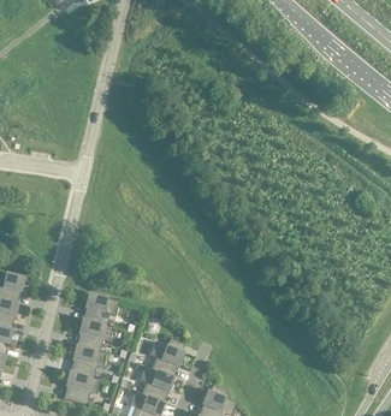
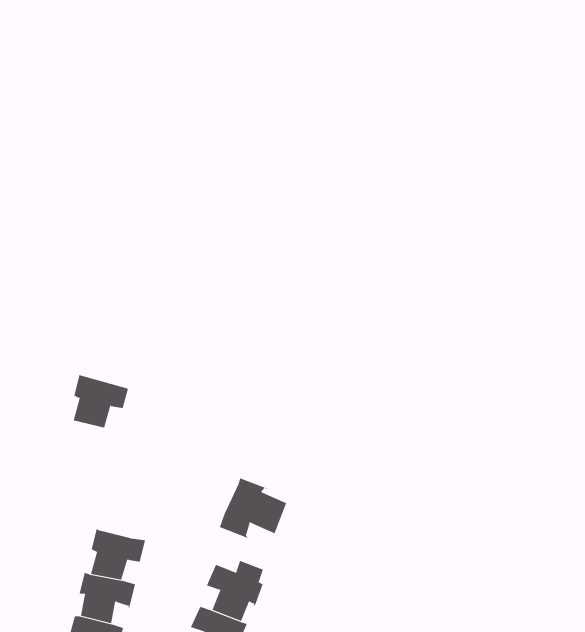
building: none -> [219,477,287,538]
building: [84,292,118,325] -> [73,374,129,428]

